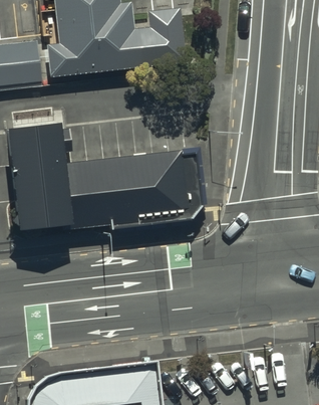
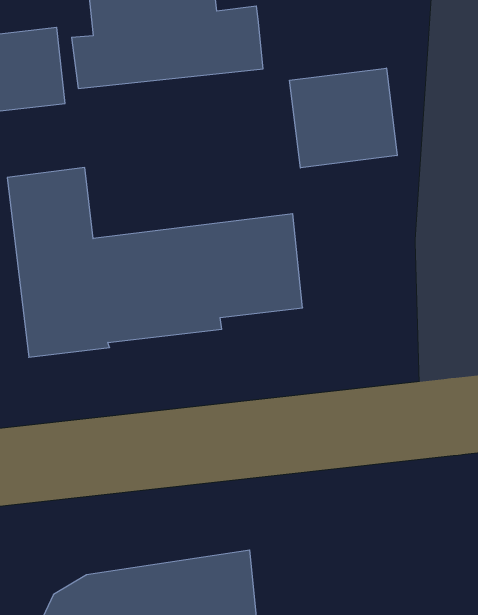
building: none -> [290,68,397,168]

